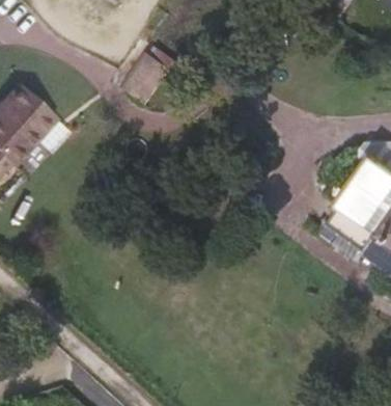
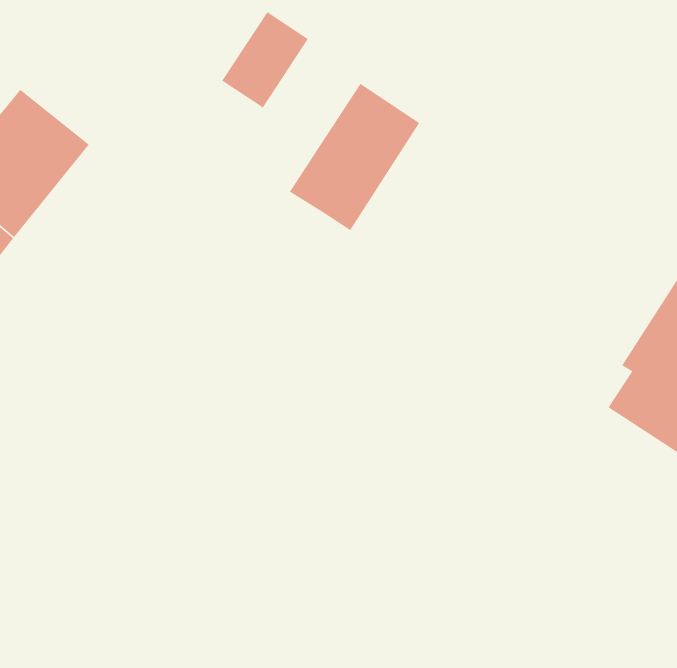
building: none -> [289,83,420,231]

